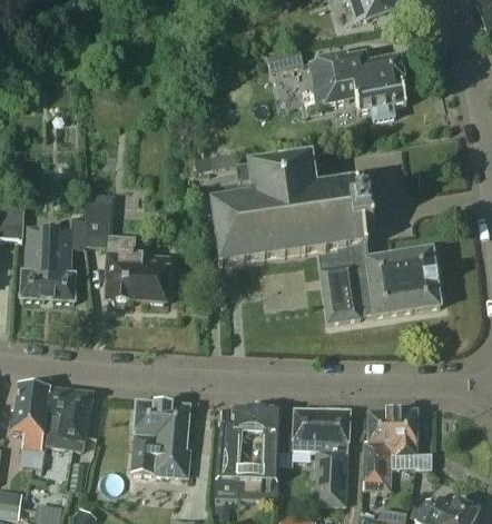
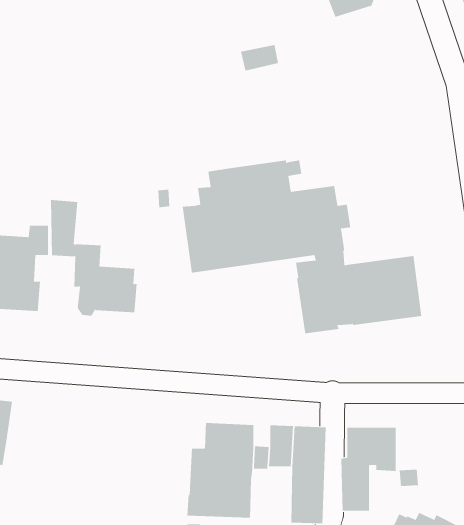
building: [309,50,405,119] -> none
building: [43,386,91,459] -> none
building: [131,399,189,475] -> none

